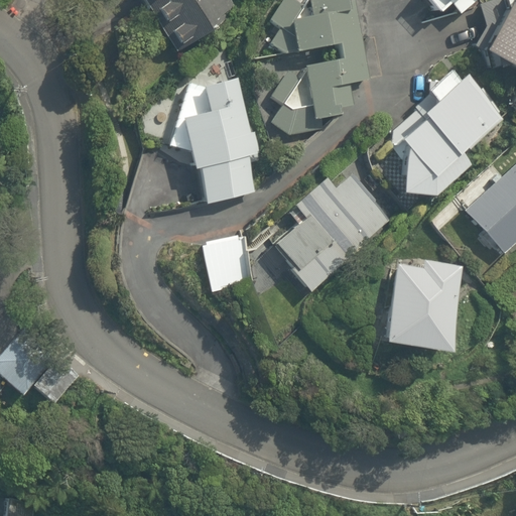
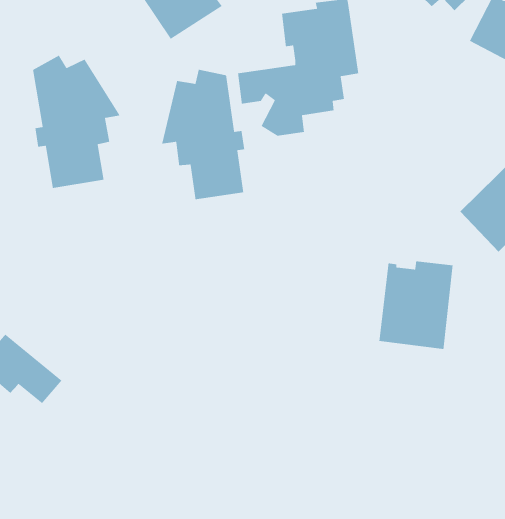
building: none -> [32,54,121,189]
building: [366,73,500,195] -> none
building: [277,173,389,291] -> none
building: [203,235,256,290] -> none

